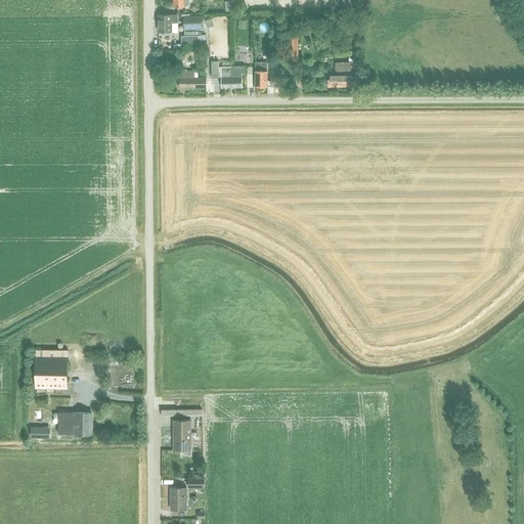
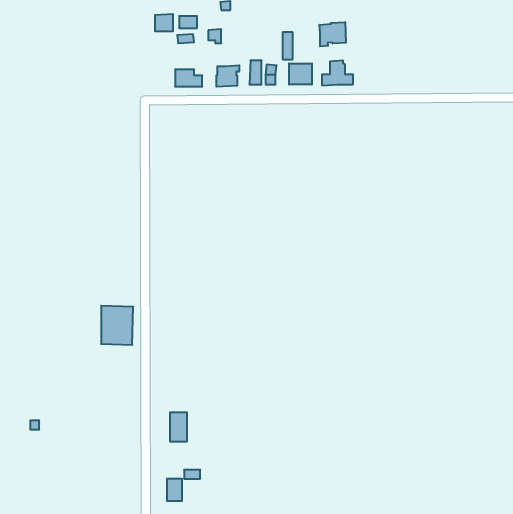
building: none -> [319,22,346,46]
building: none -> [289,63,312,85]
building: [35,348,68,388] -> [101,306,133,345]
building: [58,412,91,434] -> none

